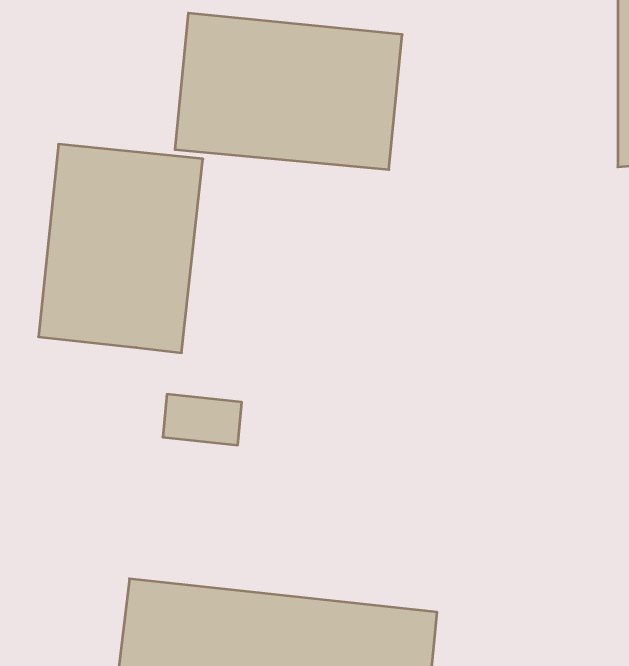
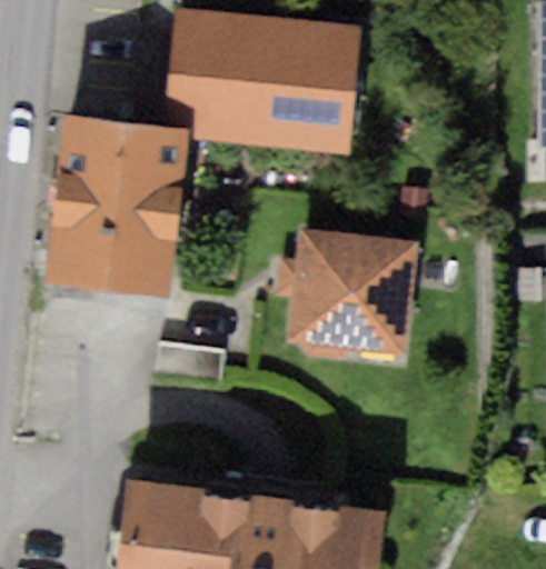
building: none -> [287,231,421,357]

